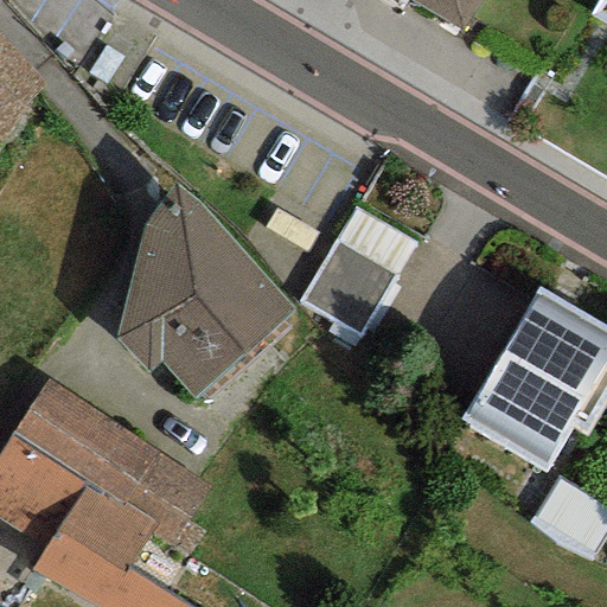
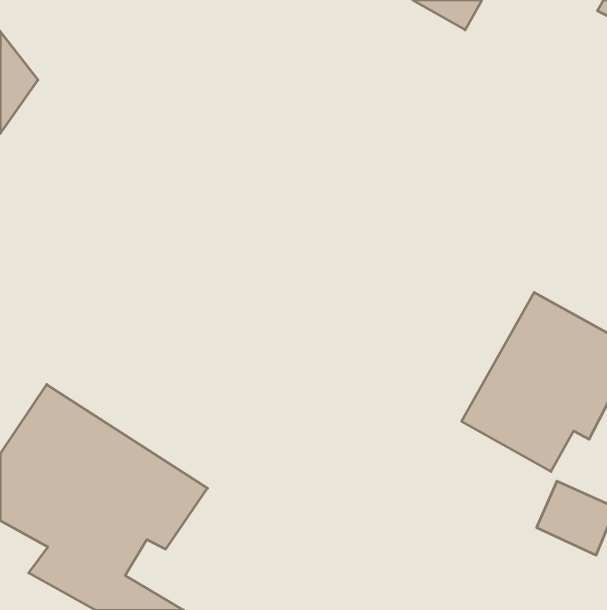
building: [116,184,294,398] -> none
building: [301,209,416,336] -> none

